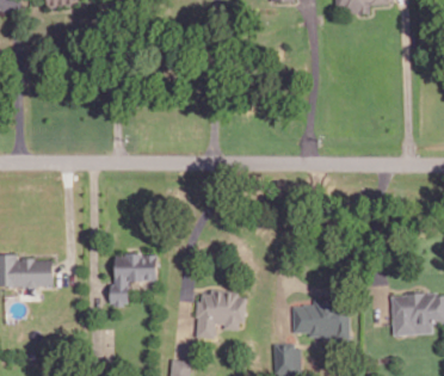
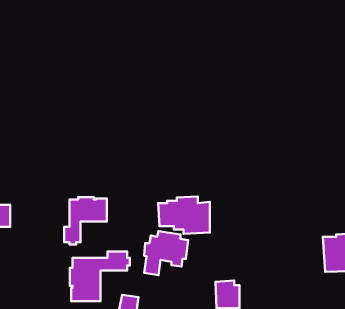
building: [292,300,349,340] -> [158,196,210,234]
building: none -> [70,251,130,301]

